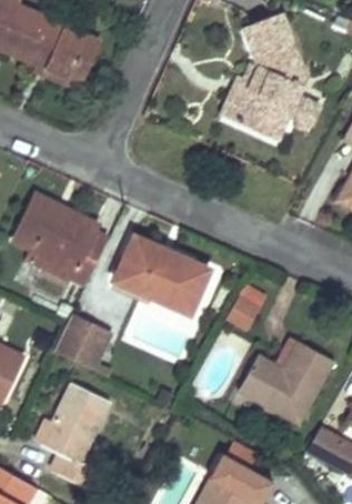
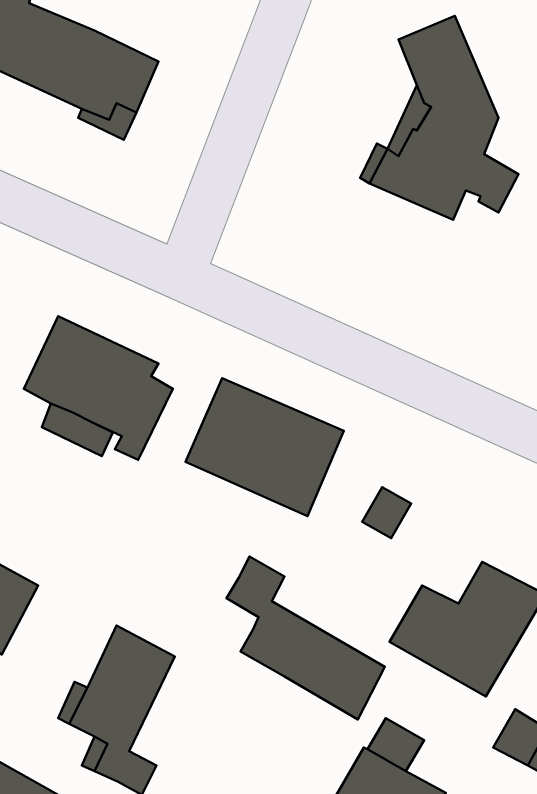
building: [53,311,111,367] -> none
building: none -> [226,557,385,720]

